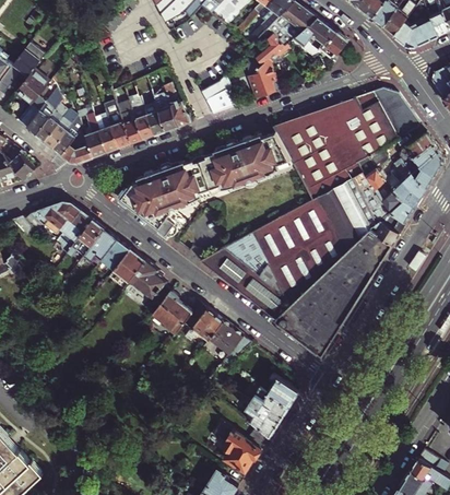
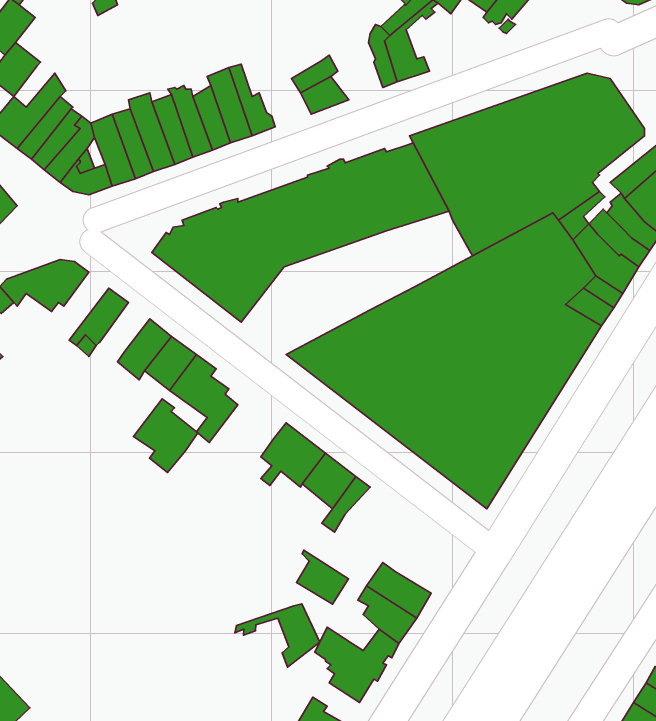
building: [58,210,91,251] -> none
building: [85,228,116,258] -> none
building: [152,291,191,335] -> [133,399,198,472]
building: [265,373,297,405] -> [297,550,349,604]
building: none -> [235,604,320,667]

